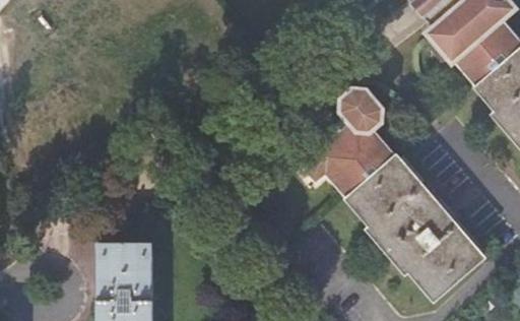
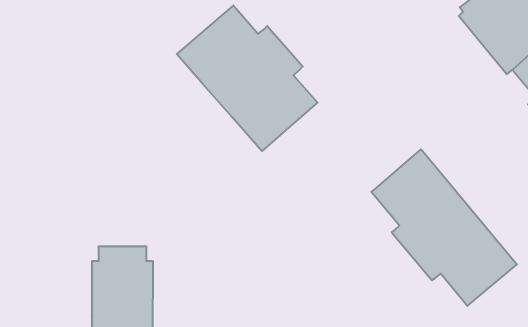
building: none -> [177,5,318,151]
building: [301,92,395,197] -> none

